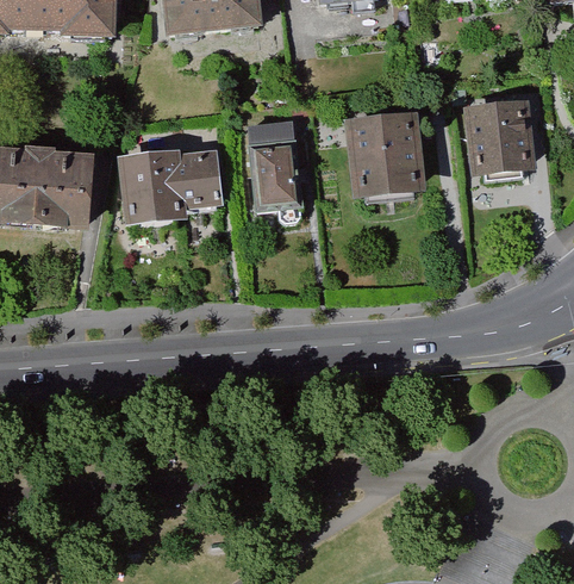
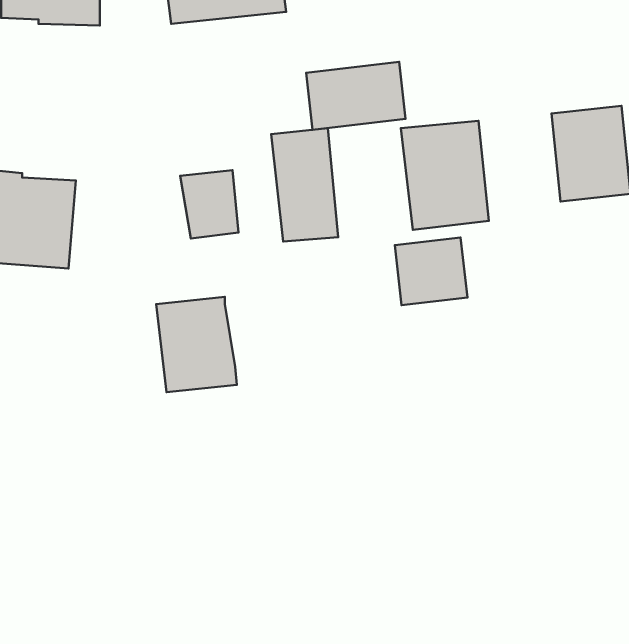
building: none -> [306,62,405,130]
building: [119,149,183,225] -> [156,297,237,392]
building: none -> [395,237,467,305]

